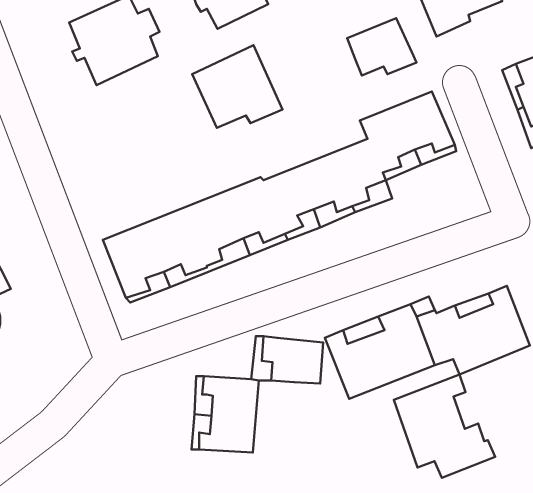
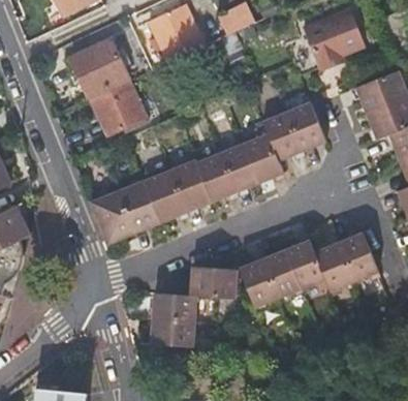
building: [347,18,417,75] -> none
building: [192,45,283,128] -> [87,78,148,133]
building: [394,374,495,478] -> none

